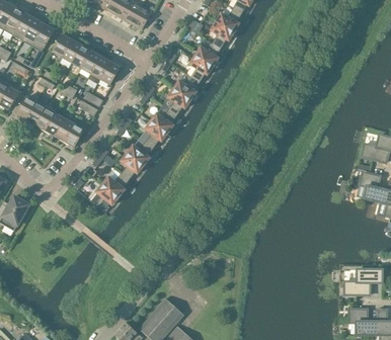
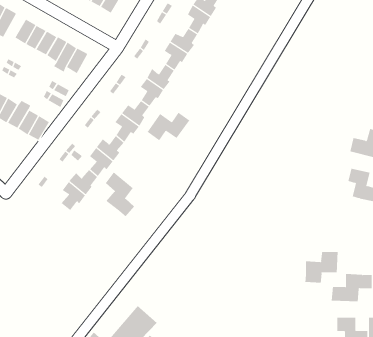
building: none -> [147,112,190,141]
building: none -> [105,172,135,217]
building: none -> [305,251,338,284]

